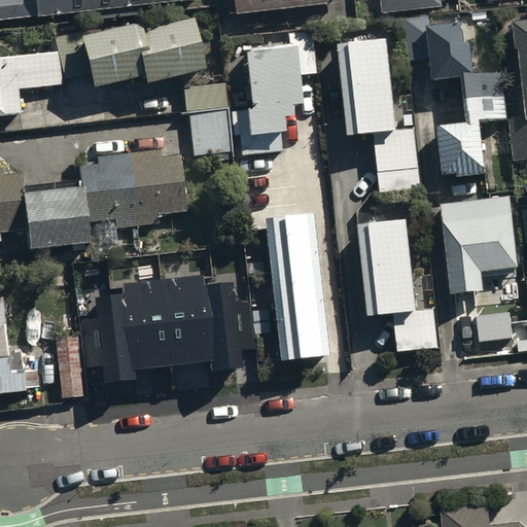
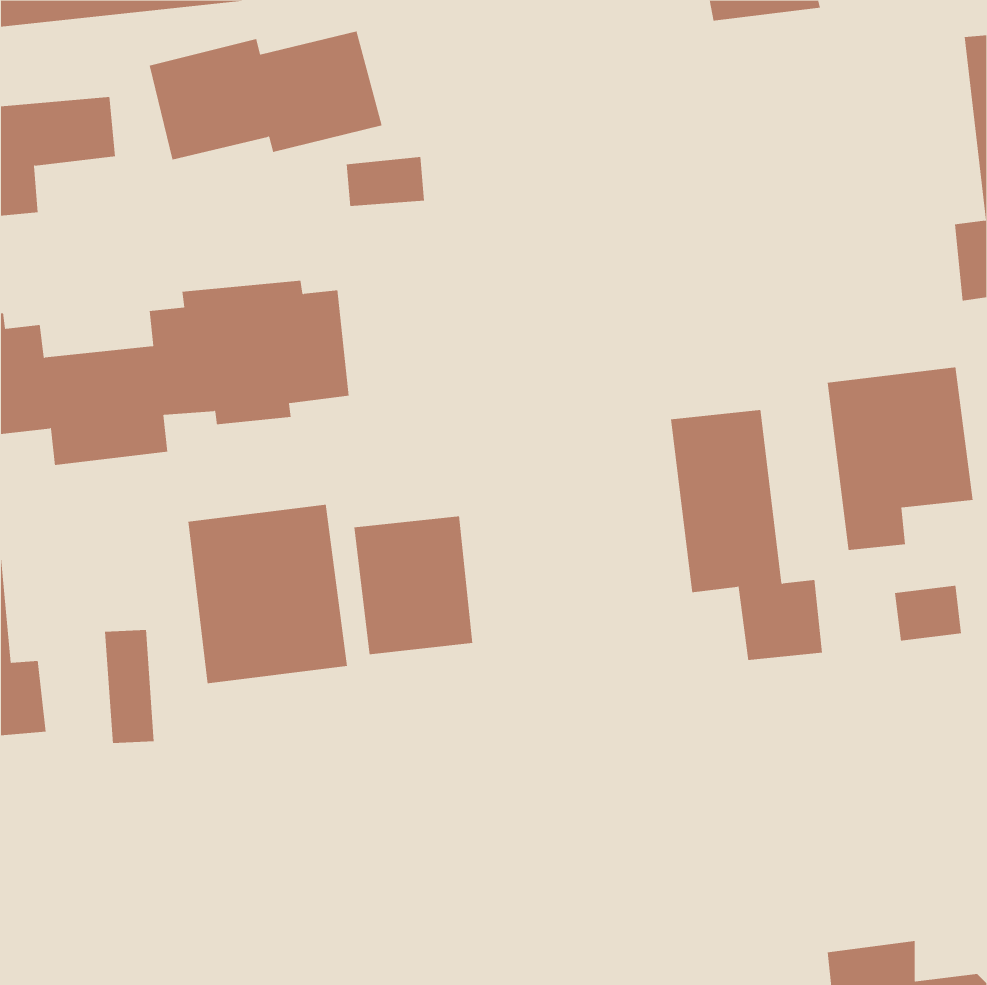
building: [426,22,506,179] -> none
building: [237,33,315,155] -> none
building: [338,38,422,201] -> none
building: [188,112,230,156] -> none
building: [262,213,326,361] -> none

